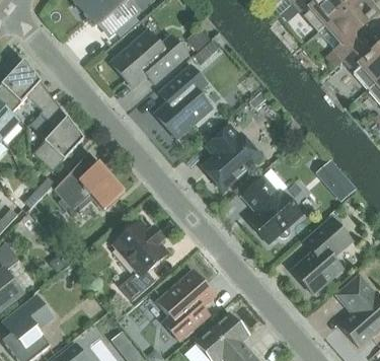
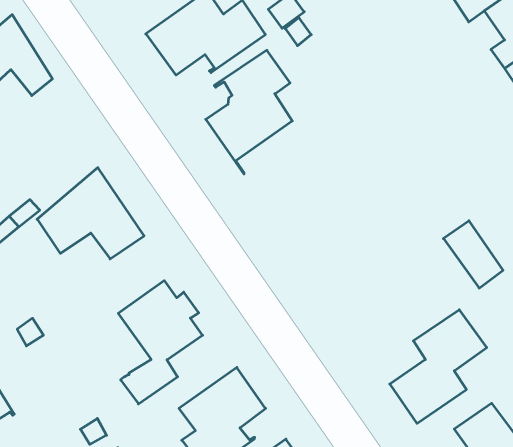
building: [32,98,83,171] -> none
building: [203,126,260,191] -> none
building: [241,176,302,243] -> none

